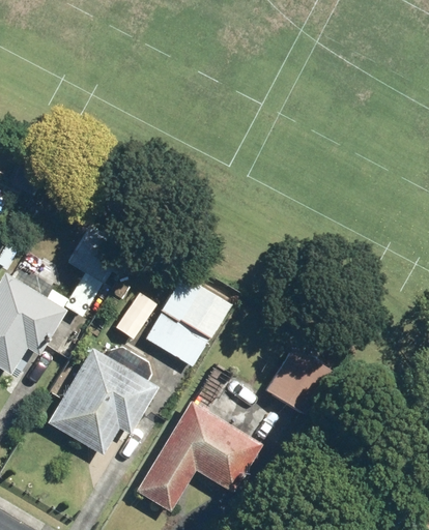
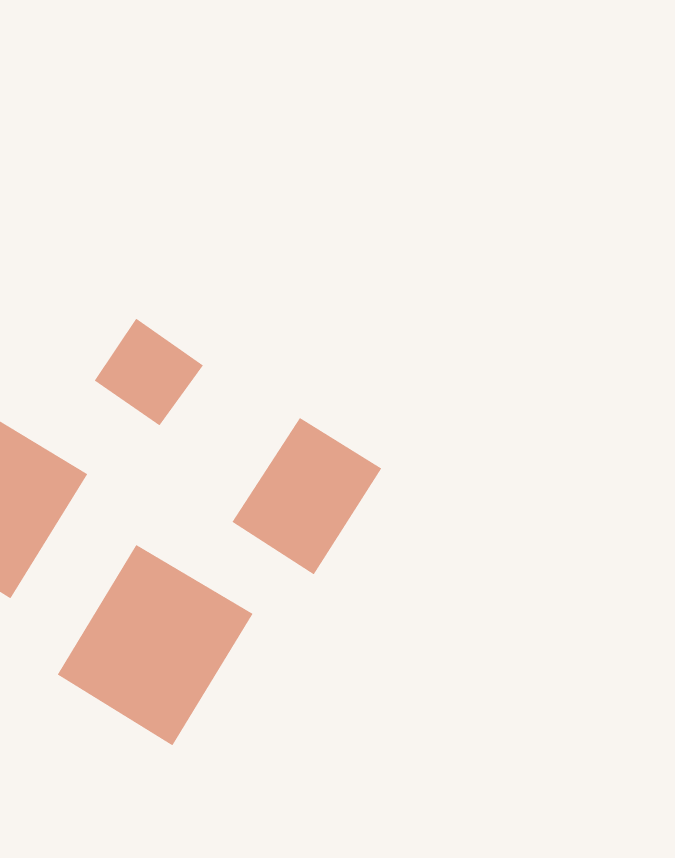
building: [266,347,333,413] -> none
building: [142,401,265,507] -> none

